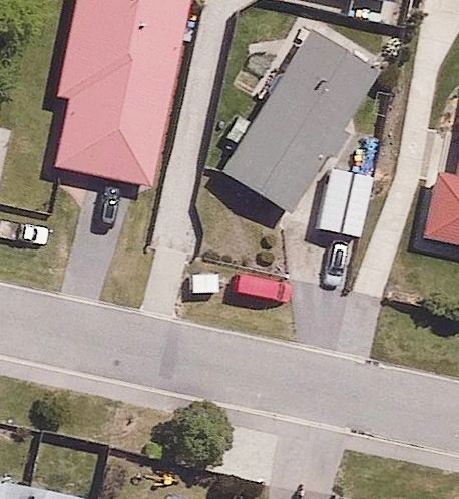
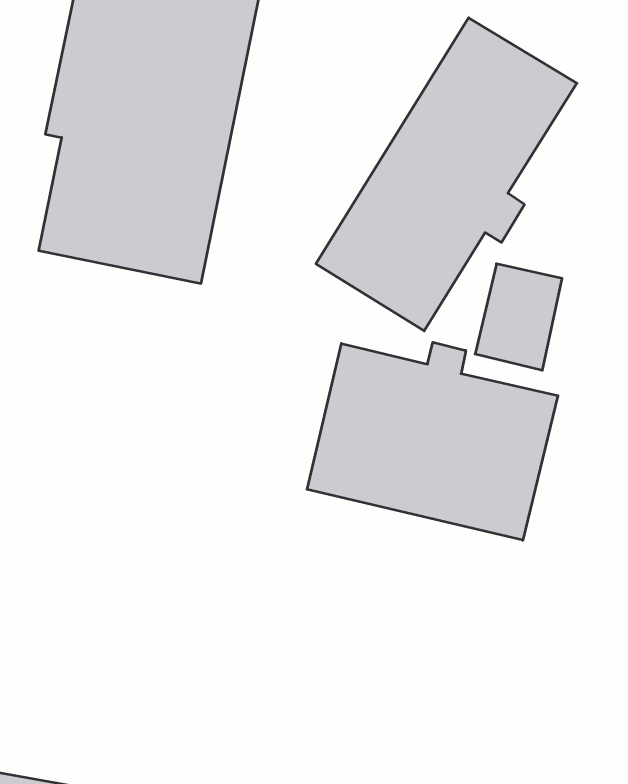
building: none -> [307,342,558,540]

